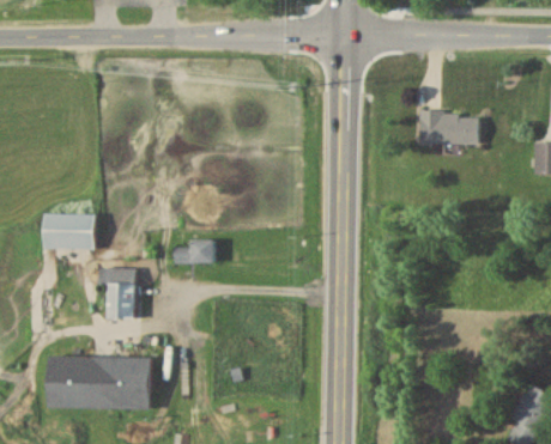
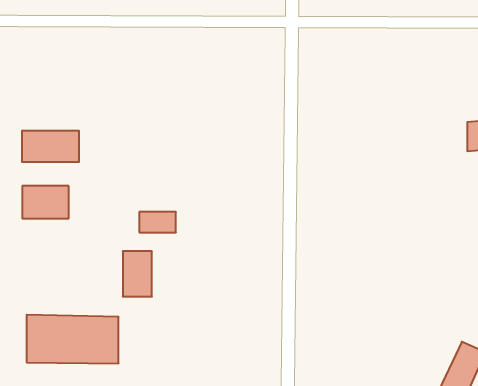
building: [419,112,479,144] -> none
building: none -> [22,131,79,162]
building: [104,269,137,320] -> [123,251,152,297]

